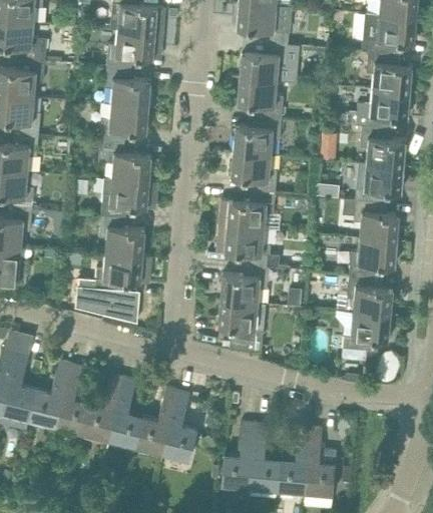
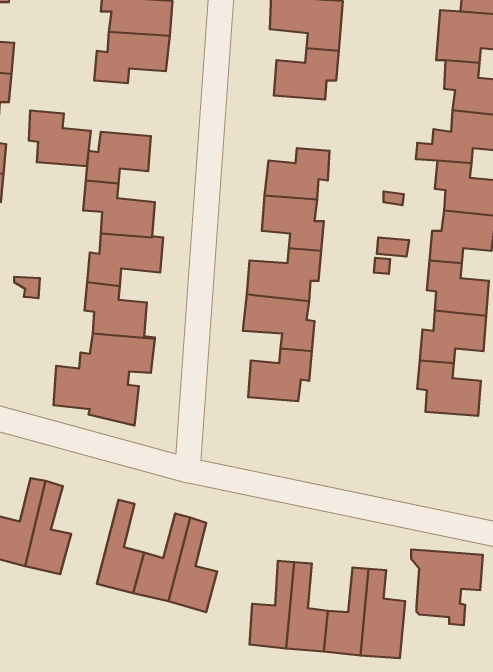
building: [105,67,151,108] -> [29,111,91,166]
building: [238,78,283,119] -> none
building: [218,302,264,354] -> none
building: [338,312,391,368] -> [411,549,483,625]
building: [81,375,124,440] -> none

